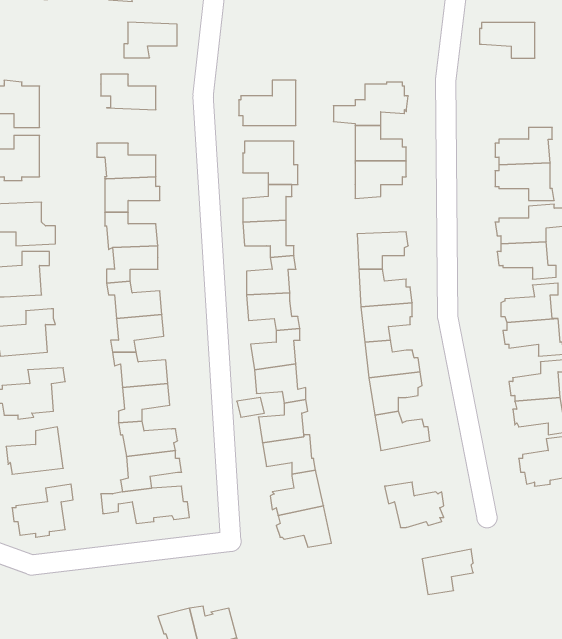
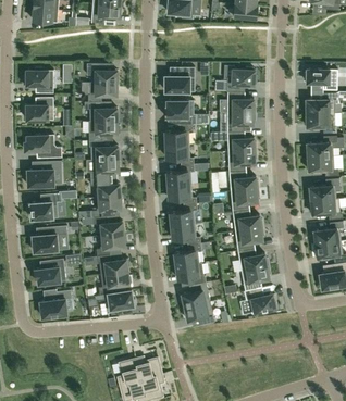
building: [124,22,177,58] -> [88,83,118,102]
building: [480,23,535,58] -> [306,71,336,90]
building: none -> [227,131,256,152]
building: [422,549,473,594] -> [242,266,270,291]

